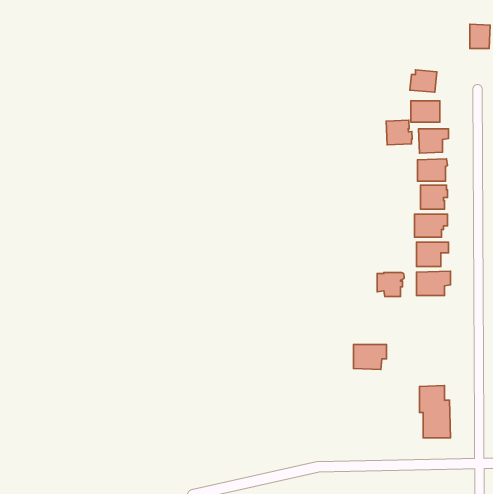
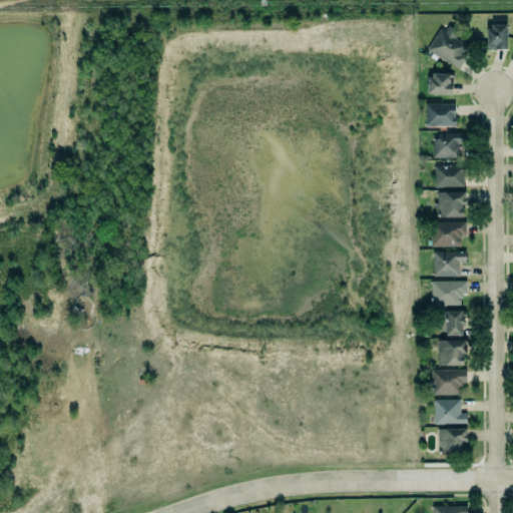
building: none -> [427,26,466,69]
building: [386,120,412,145] -> none
building: [377,272,404,297] -> [438,311,466,336]
building: none -> [439,341,468,367]
building: [354,344,387,370] -> [434,371,468,397]

